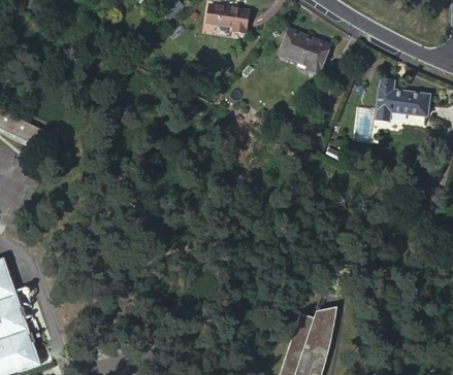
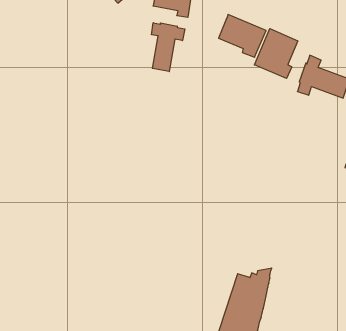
building: none -> [152,23,185,72]
building: none -> [254,29,298,78]

